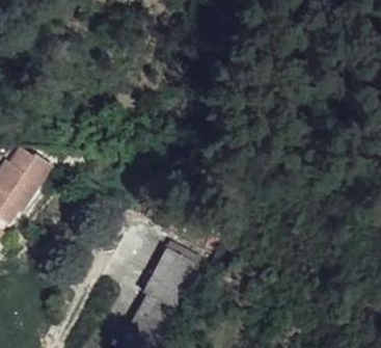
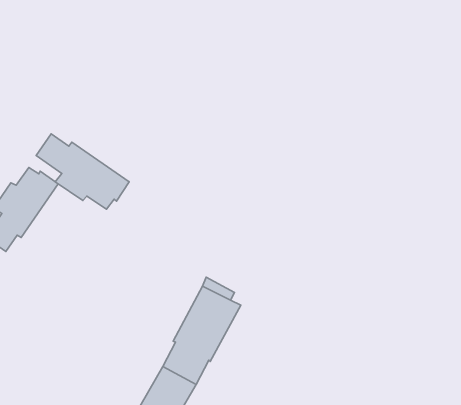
building: none -> [36,134,129,209]

